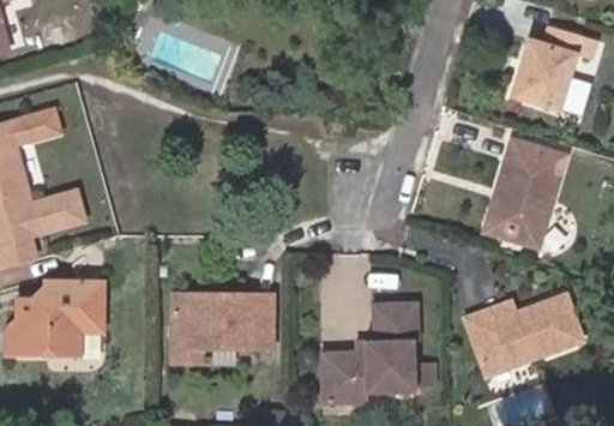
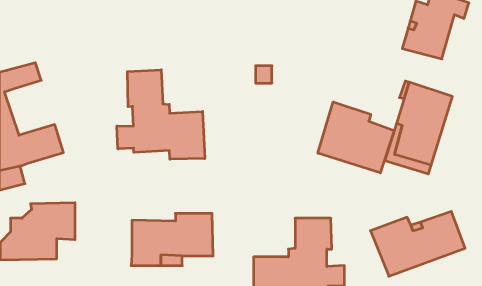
building: none -> [117,70,205,159]
building: none -> [318,102,394,173]

